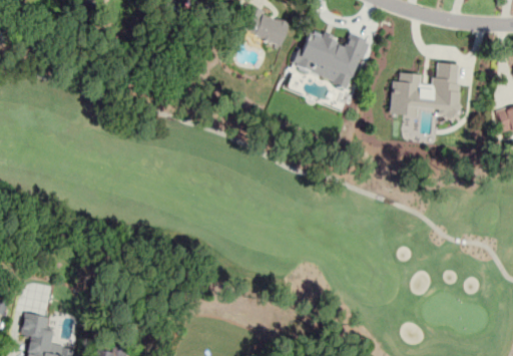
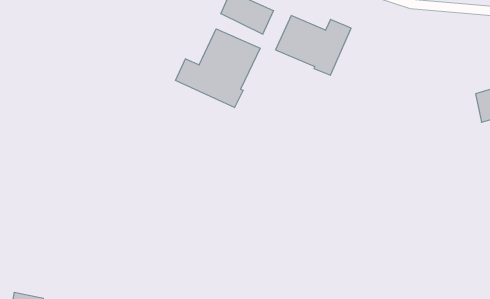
building: none -> [175,29,260,108]
building: [392,64,461,111] -> none

